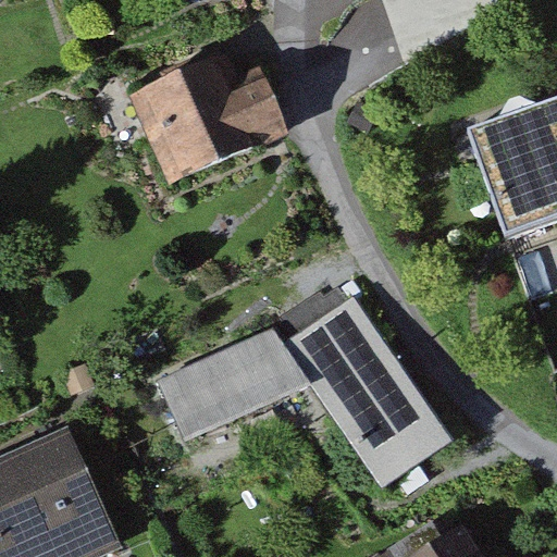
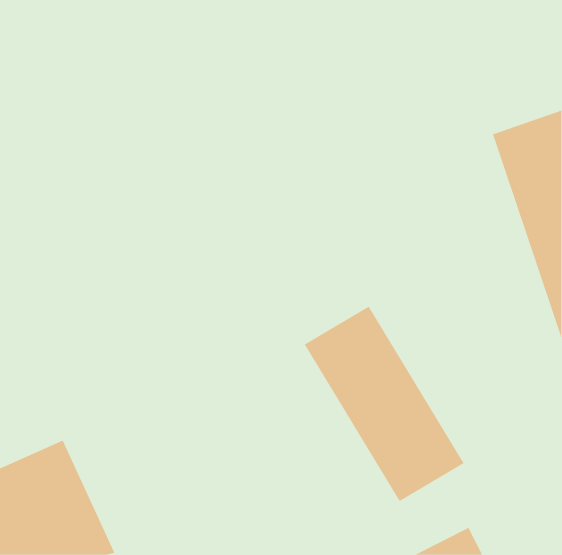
building: [132,65,248,177] -> none
building: [159,327,300,438] -> none

